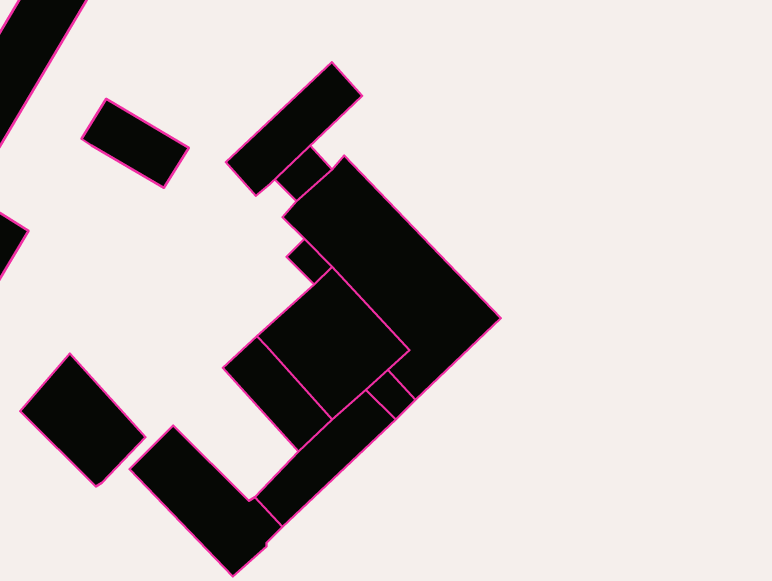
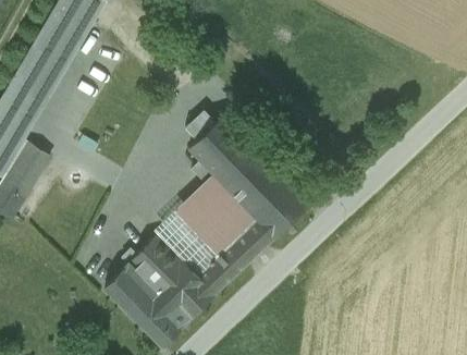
building: [226,62,362,196] -> none
building: [82,99,189,188] -> none
building: [20,354,145,487] -> [125,233,194,306]

